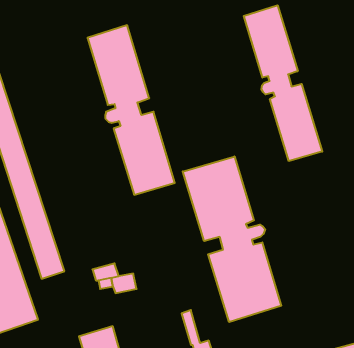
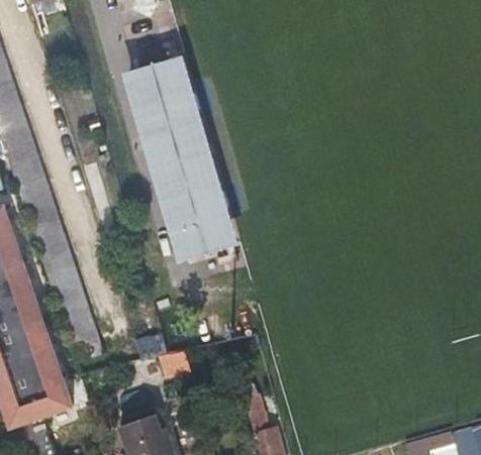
building: [244,5,322,161] -> none
building: [183,156,281,322] -> none

